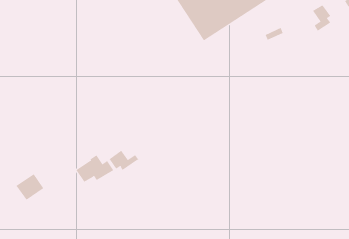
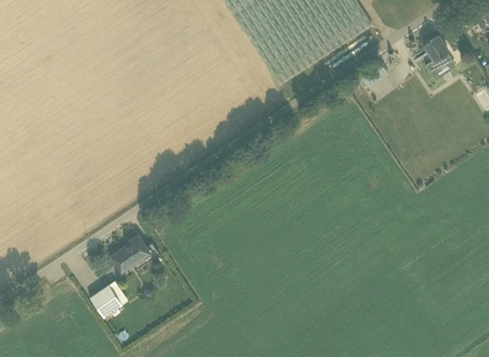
building: [109,150,140,171] -> none
building: [15,174,44,201] -> [90,281,128,317]

